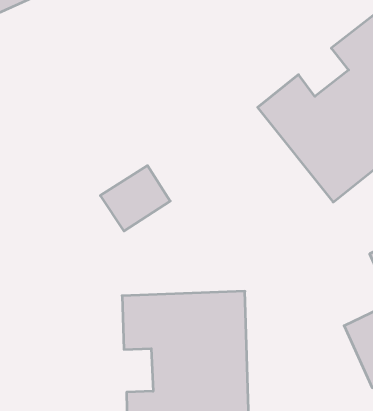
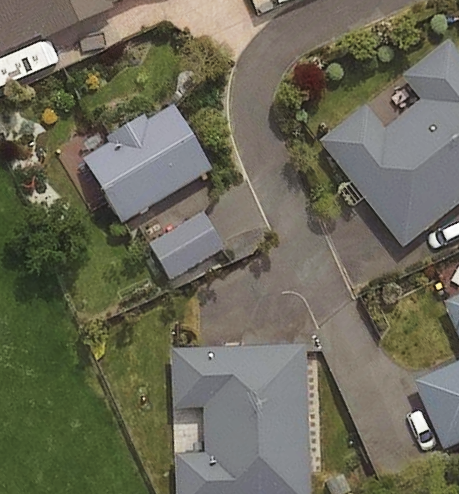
building: none -> [82,104,213,225]

